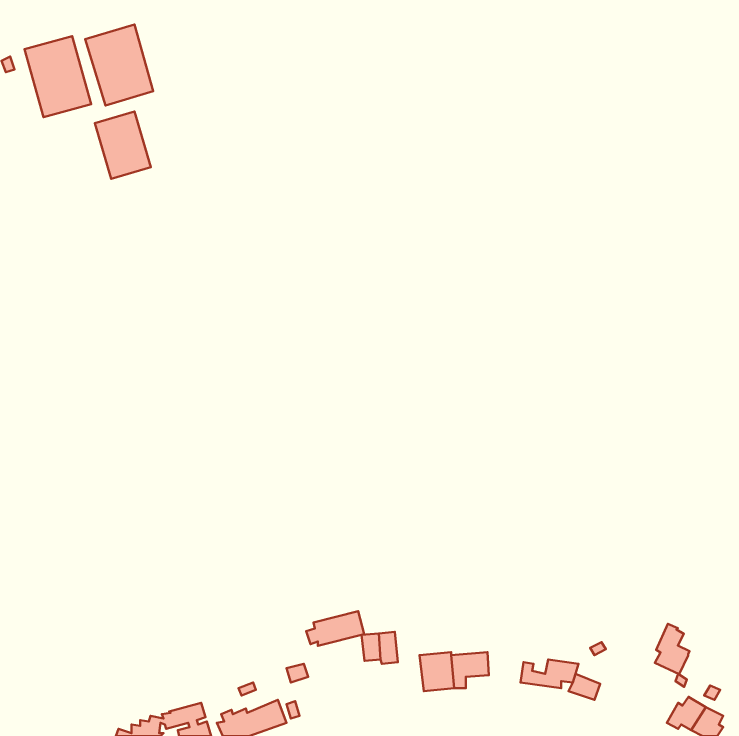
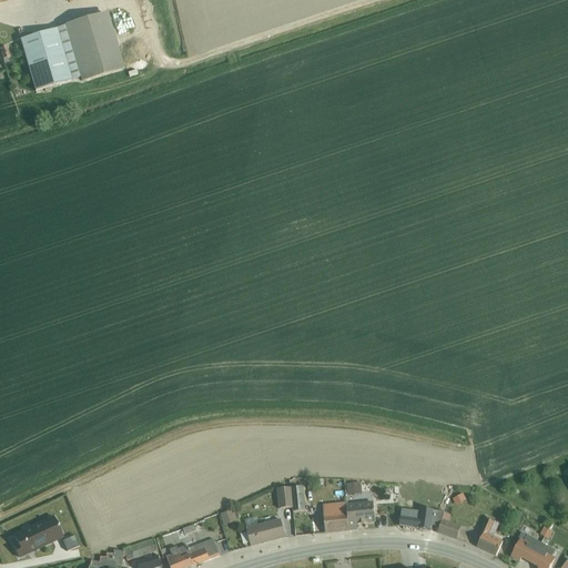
building: [95,111,151,179] -> none
building: [306,611,364,646] -> [241,517,285,544]
building: [655,624,689,674] -> [477,516,504,555]
building: none -> [12,516,63,557]

